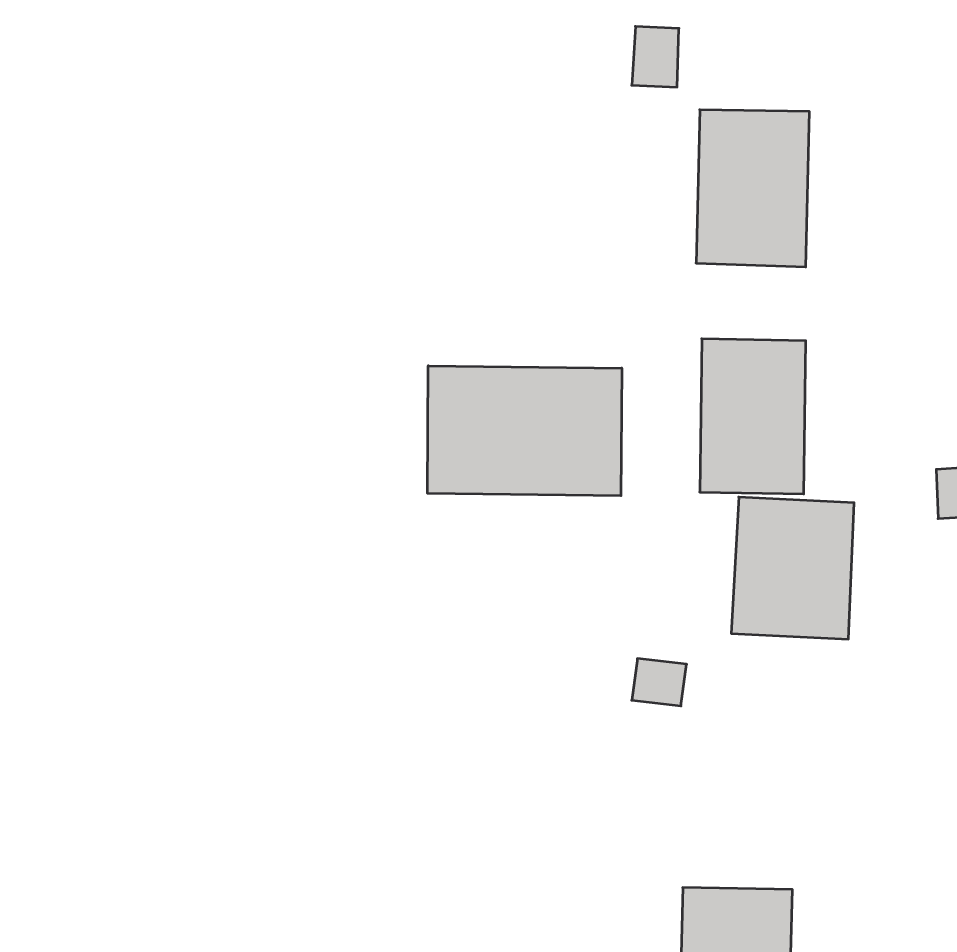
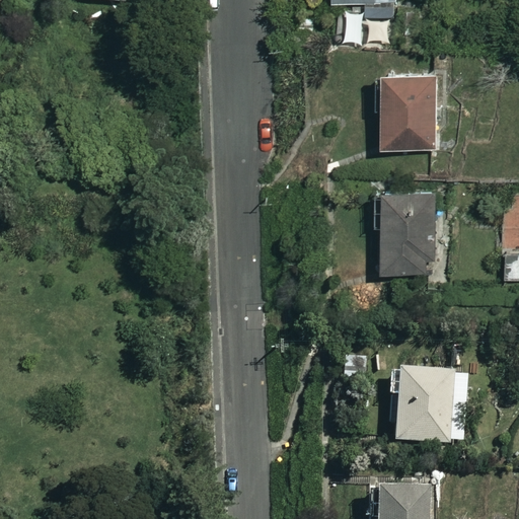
building: [428,366,622,496] -> none
building: [731,497,854,639] -> [389,369,455,445]

